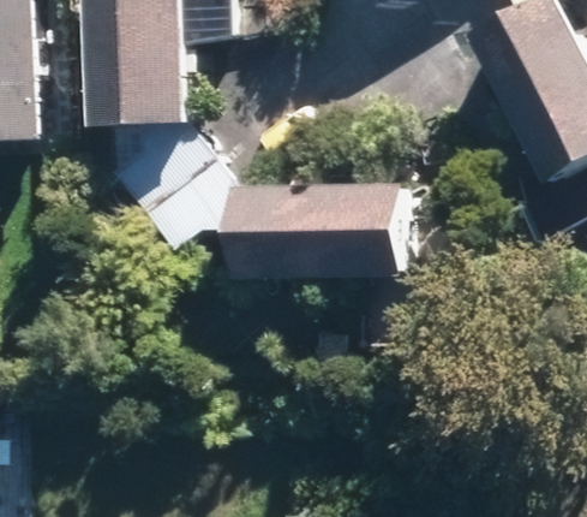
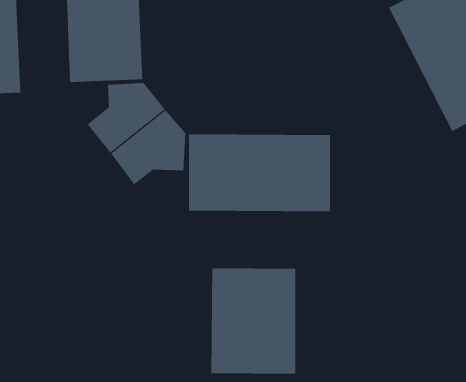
building: none -> [211,267,296,374]

